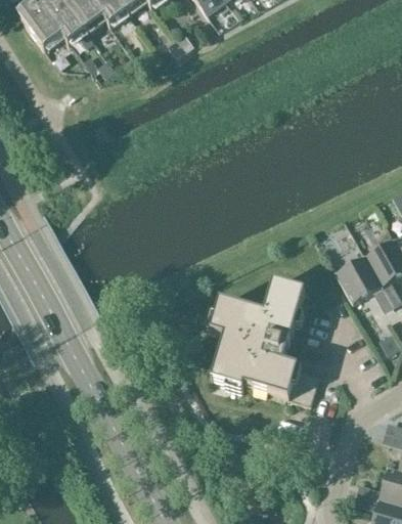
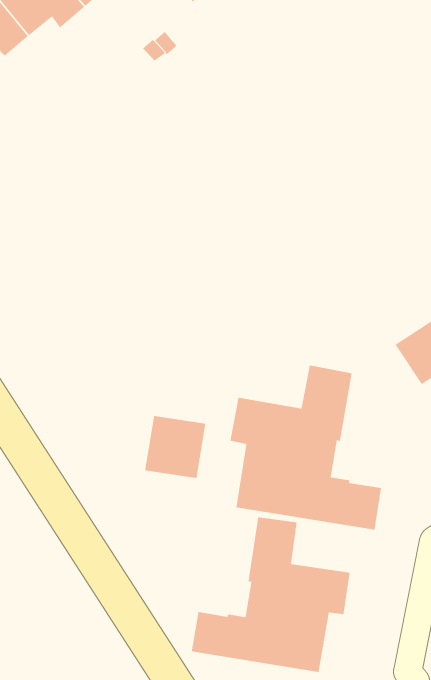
building: none -> [144,415,206,479]
building: none -> [191,517,350,673]

